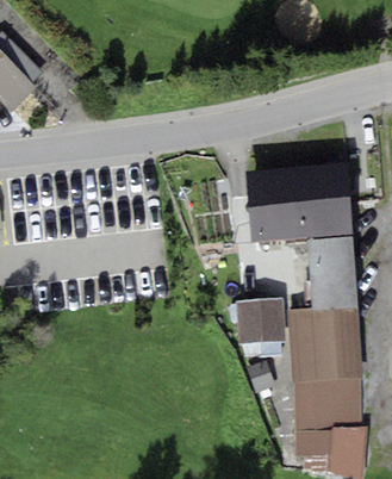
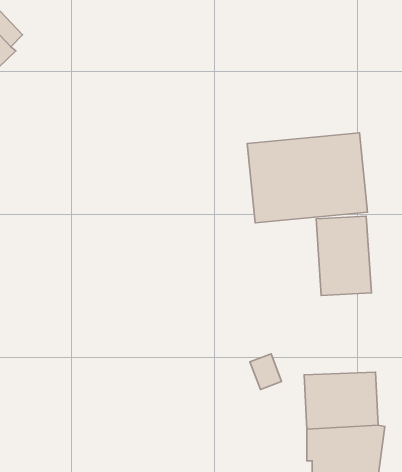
building: [235,298,285,356] -> none
building: [288,306,360,381] -> none

